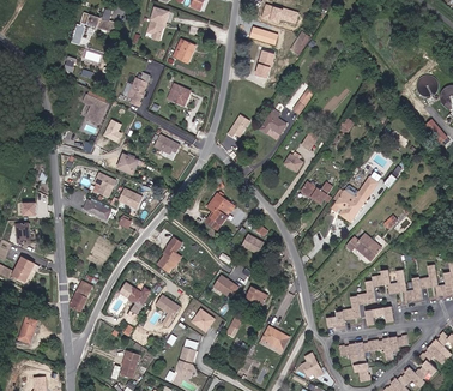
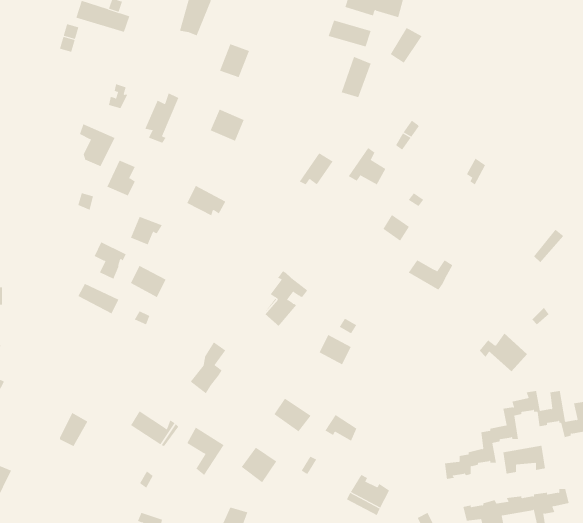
building: [337,174,376,219] -> none

